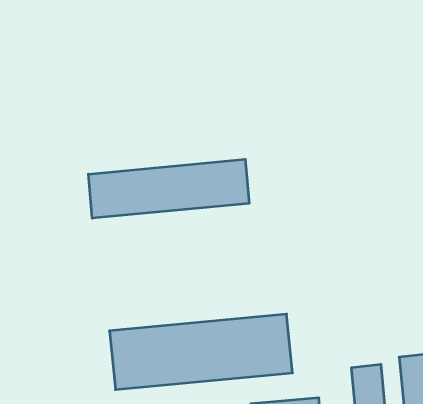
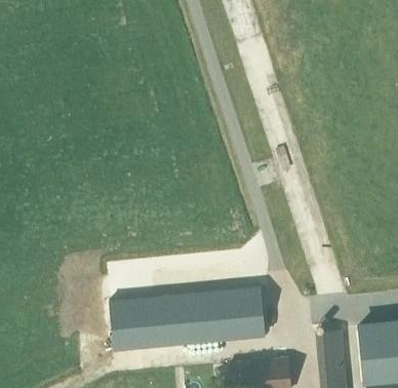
building: [88,159,249,218] -> none

